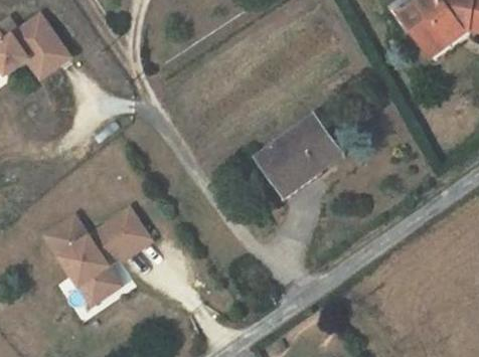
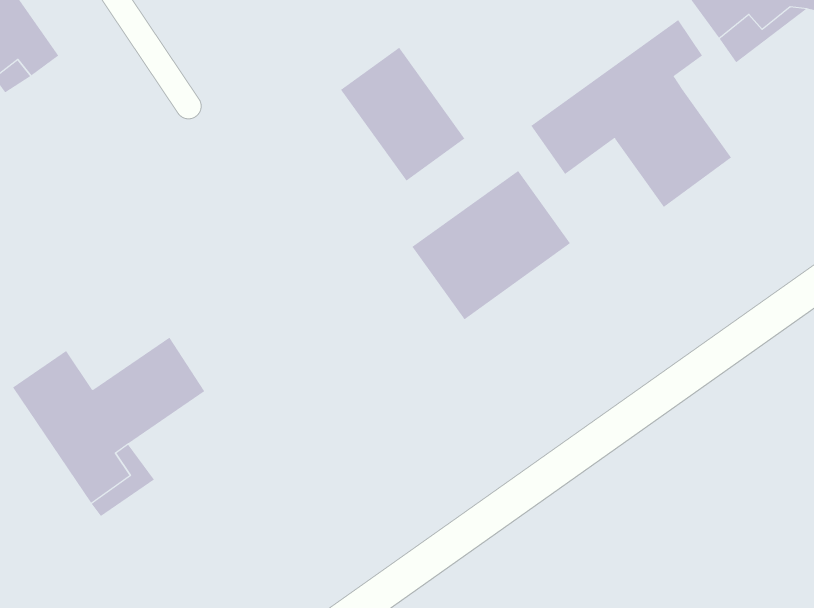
building: none -> [530,19,732,208]
building: none -> [340,47,465,181]

